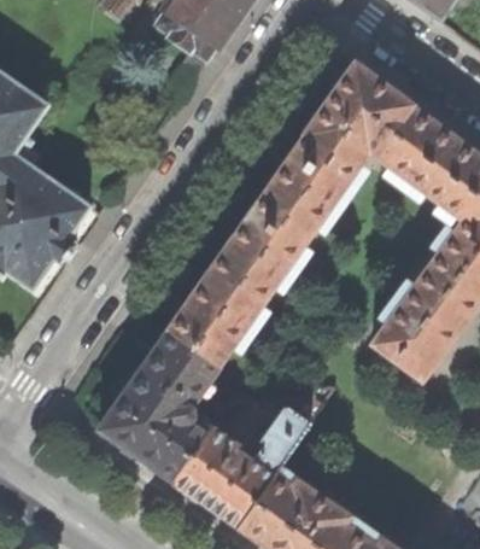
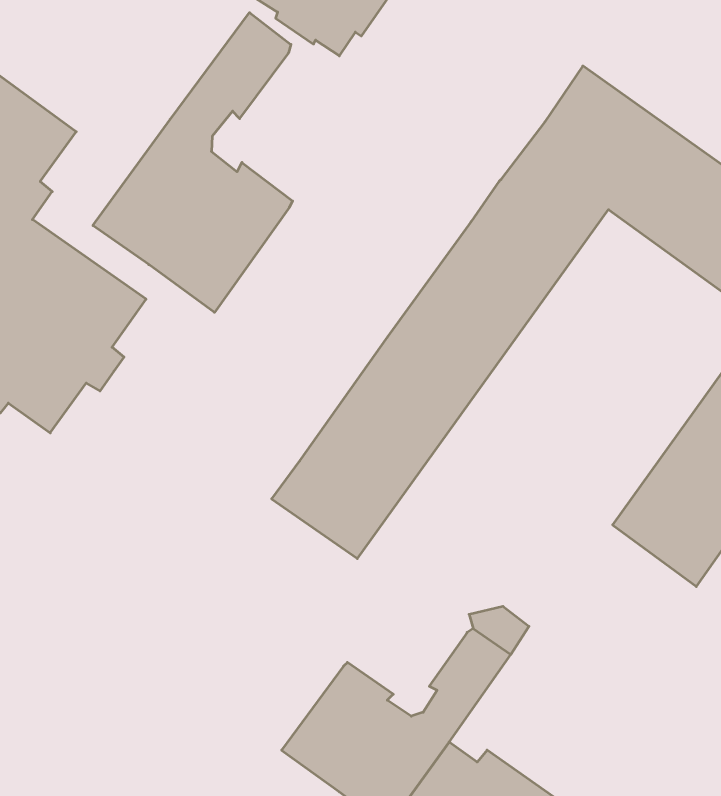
building: none -> [93,13,293,312]
building: [100,327,221,479] -> none

